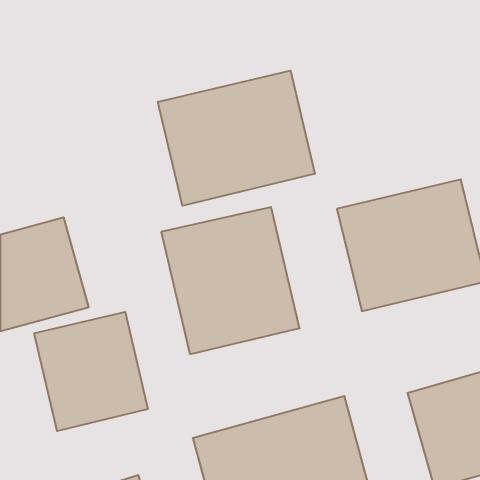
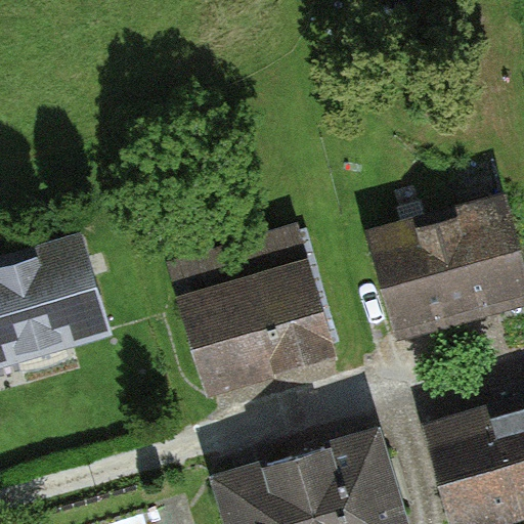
building: [158,71,315,206] -> none
building: [34,312,148,431] -> none

